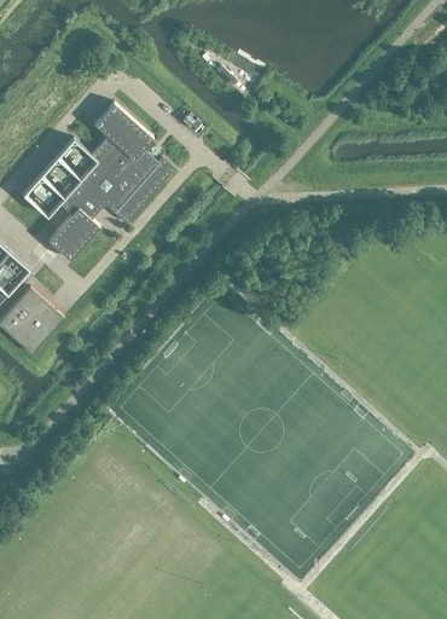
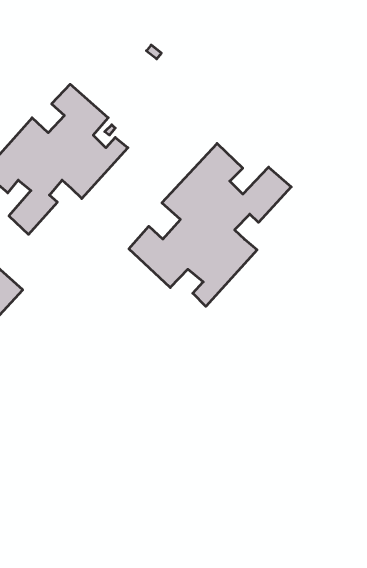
building: none -> [129,143,291,306]

